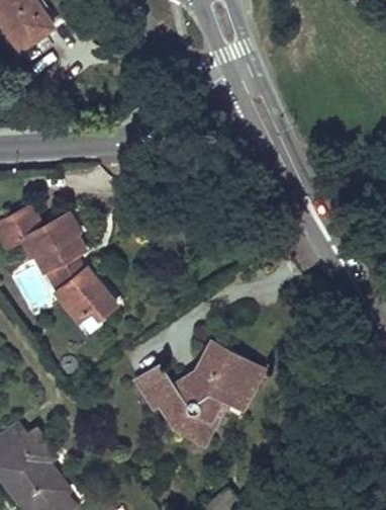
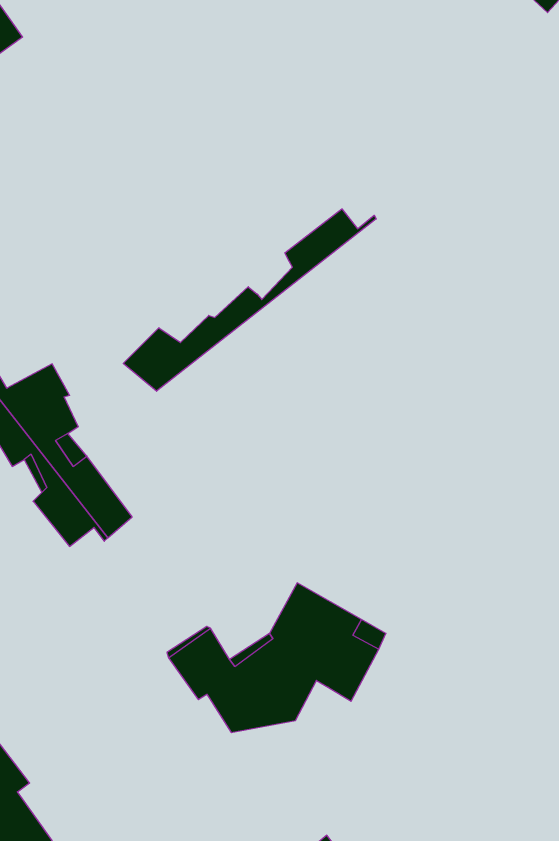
building: none -> [123,209,376,391]
building: [171,398,229,447] -> none

